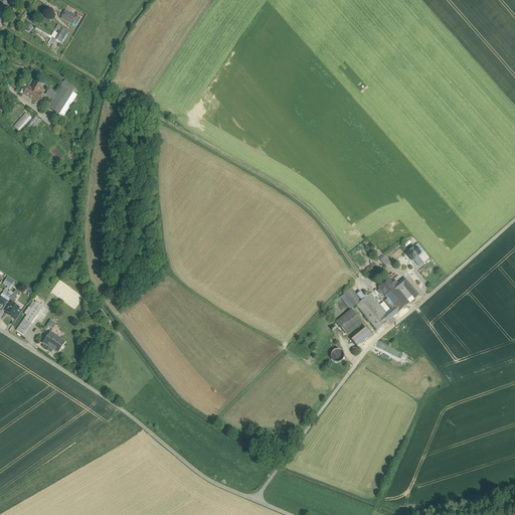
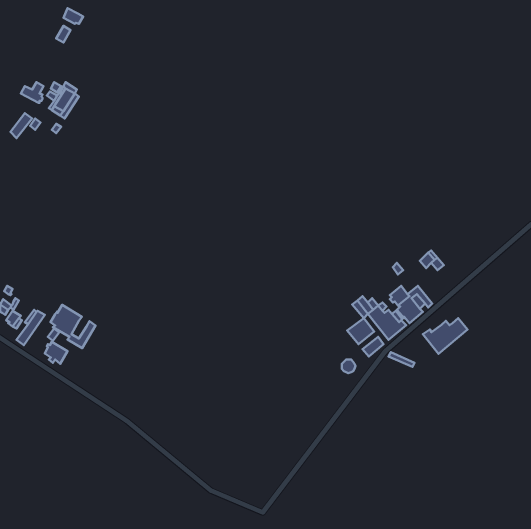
building: none -> [50,305,96,348]
building: none -> [423,318,467,354]

